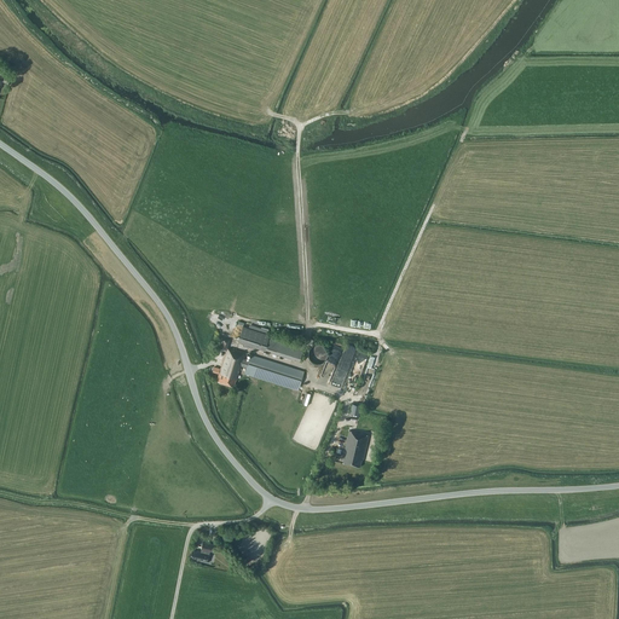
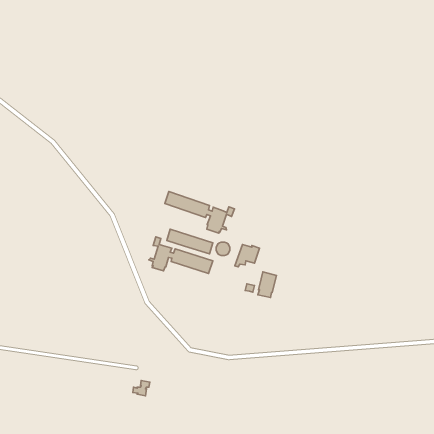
building: none -> [165,192,234,233]
building: [341,430,368,467] -> [258,272,277,297]

